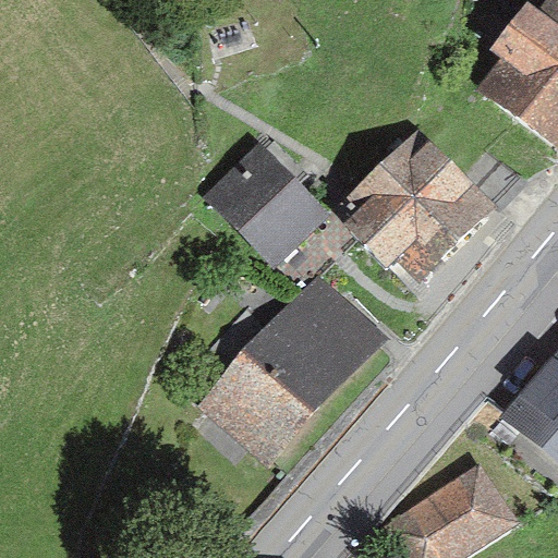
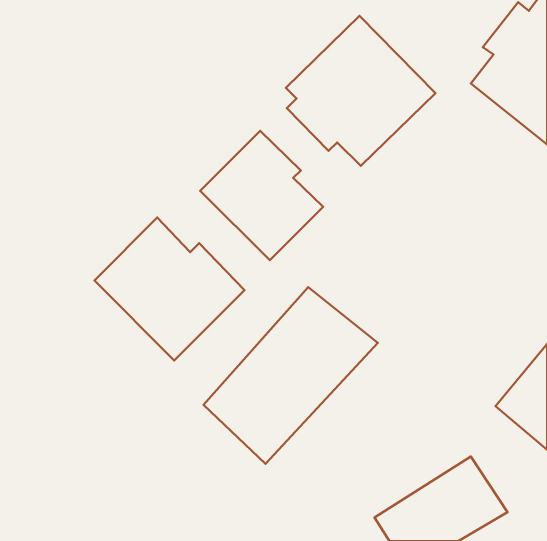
building: [343,129,496,281] -> [286,16,436,166]
building: none -> [94,218,245,360]

